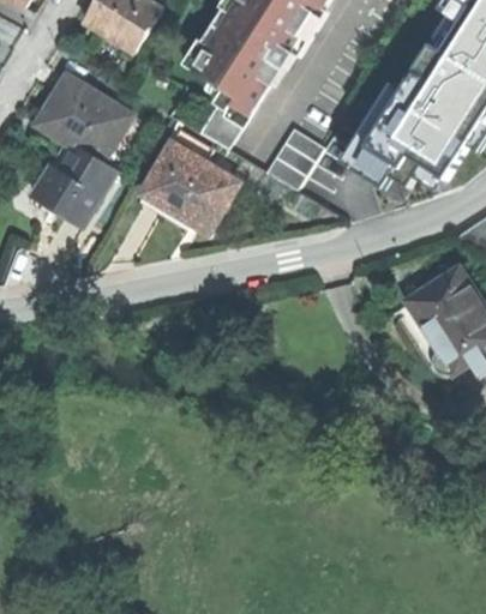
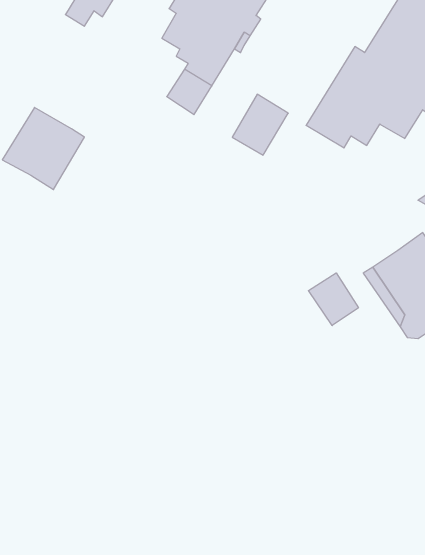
building: [41,71,134,162] -> none
building: [144,142,239,230] -> none
building: none -> [308,273,358,326]

